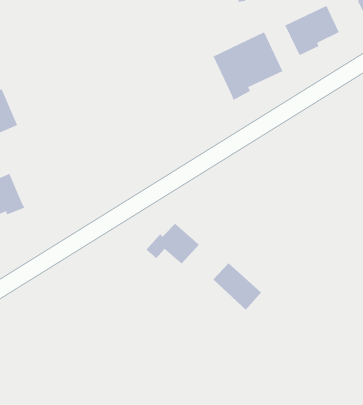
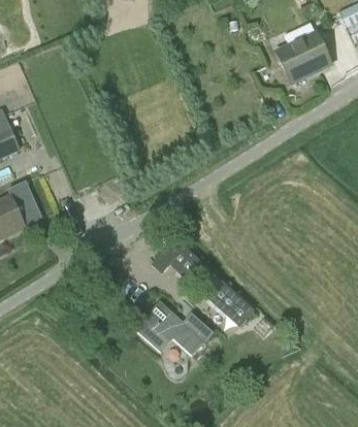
building: [212,31,283,101] -> none
building: none -> [8,183,40,225]
building: none -> [135,300,213,355]

